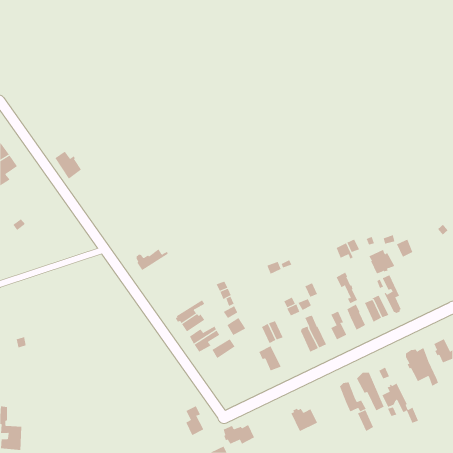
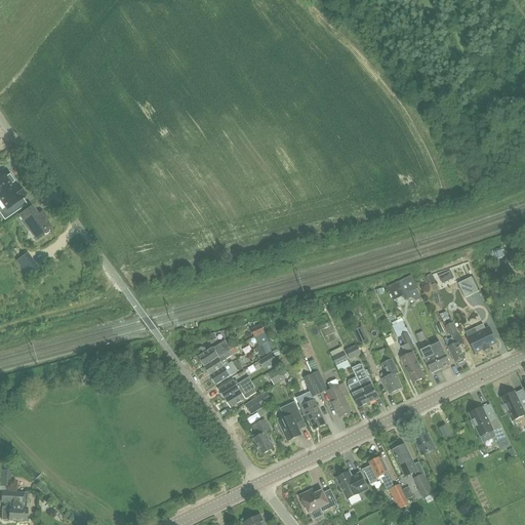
building: [54,151,82,179] -> [18,205,50,238]
building: [136,249,169,271] -> [196,339,234,365]
building: [368,249,395,274] -> [465,323,495,352]
building: none -> [326,382,350,416]
building: none -> [277,401,302,441]
building: [382,383,419,424] -> [362,455,405,502]
building: [186,405,204,436] -> [251,419,273,454]
building: [223,424,255,445] -> [299,488,336,512]

